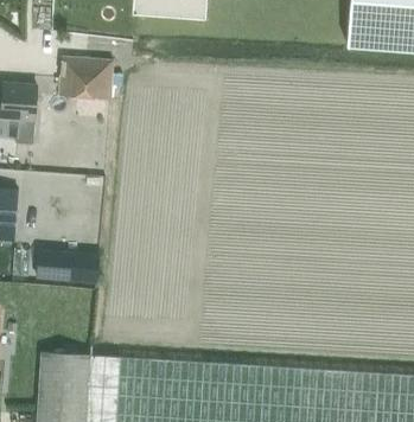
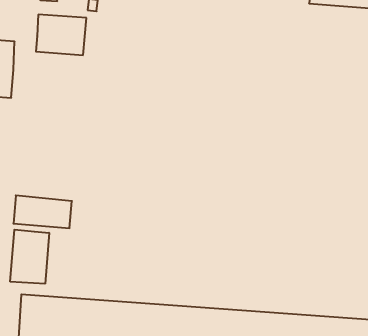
building: none -> [10,230,49,284]

